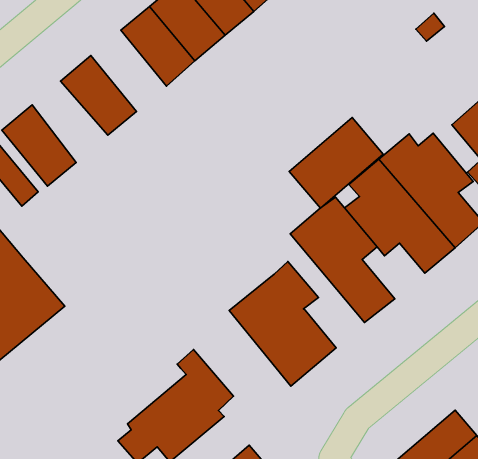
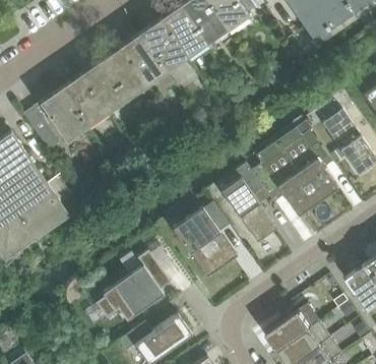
building: none -> [100,46,145,98]
building: none -> [60,74,106,126]
building: [289,117,383,208] -> none

